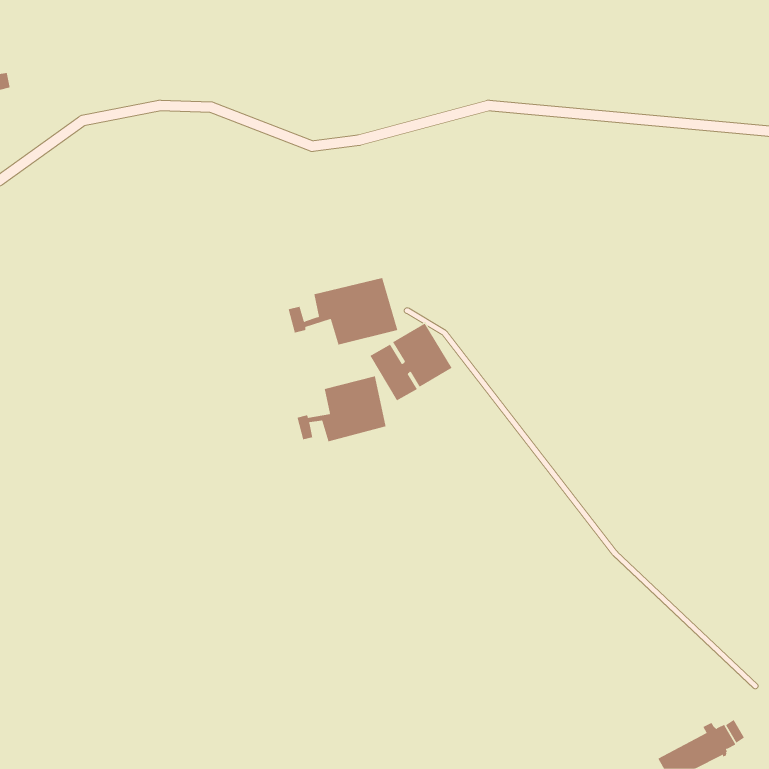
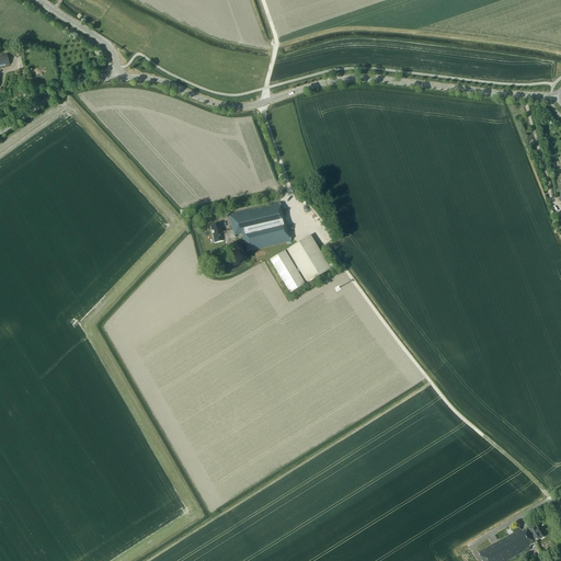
building: [297,376,386,442] -> none

